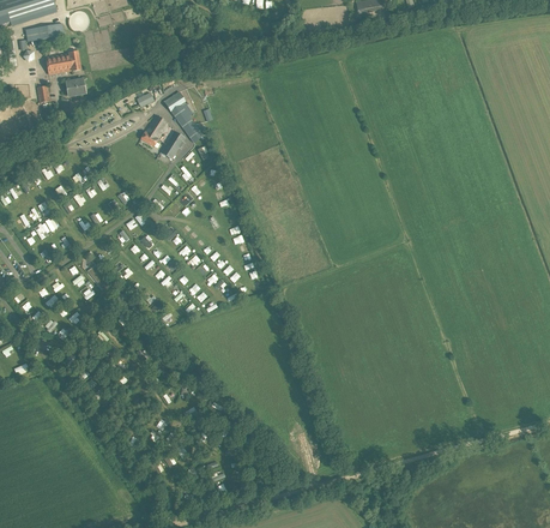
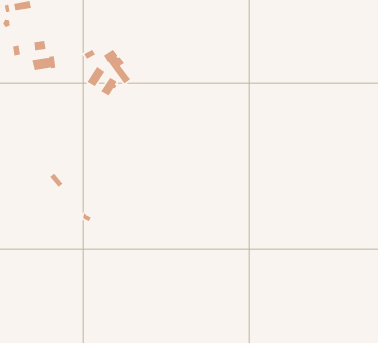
building: [44,52,79,73] -> [31,55,56,71]

